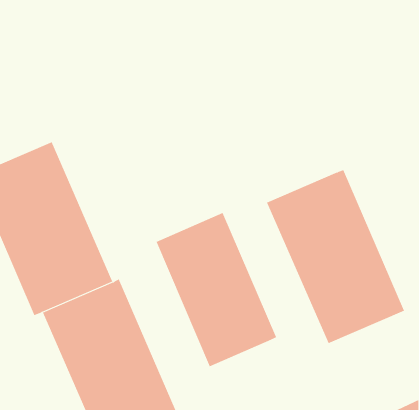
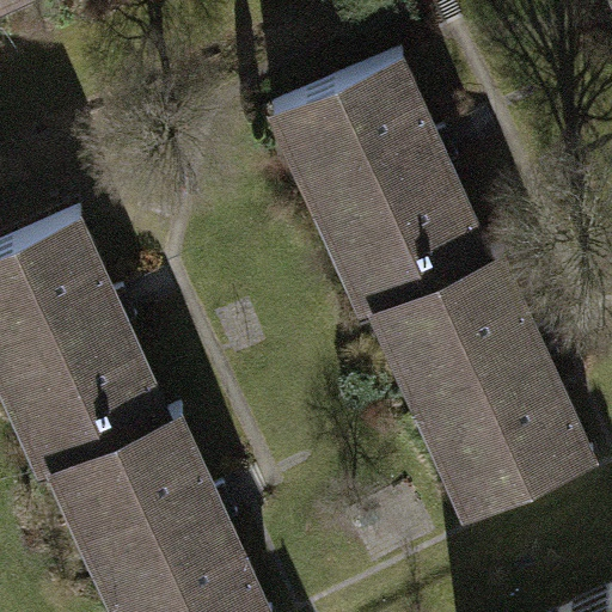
building: none -> [284,63,488,316]
building: [156,212,277,367] -> none

